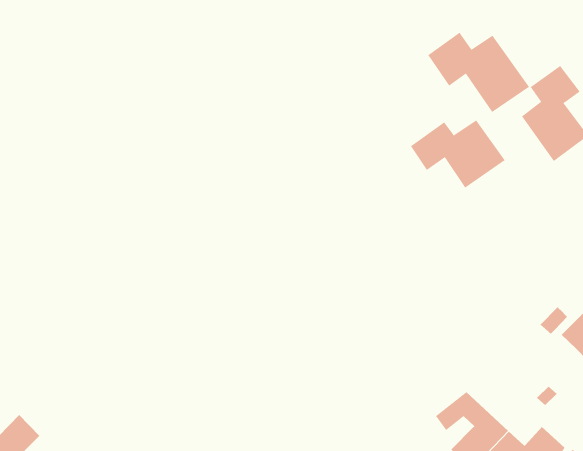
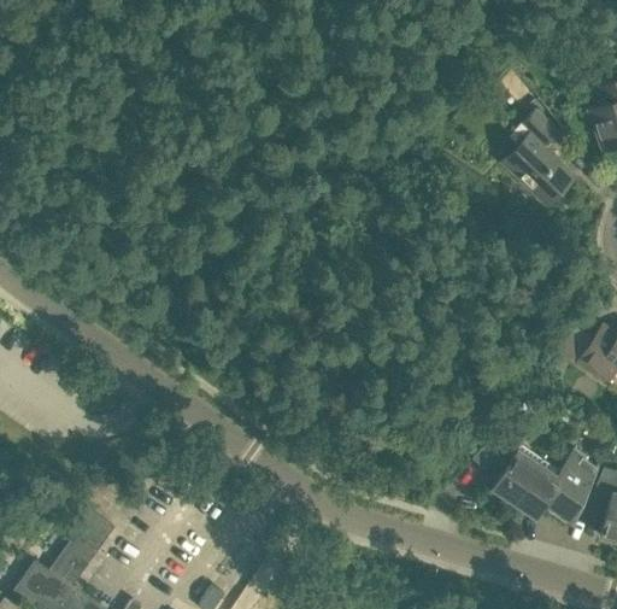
building: [428,32,530,113] -> none
building: [410,120,506,189] -> none

